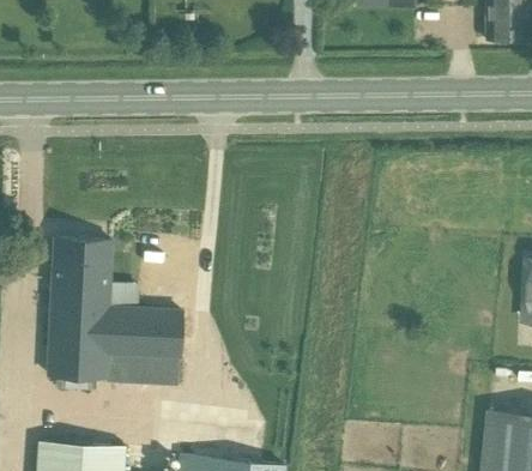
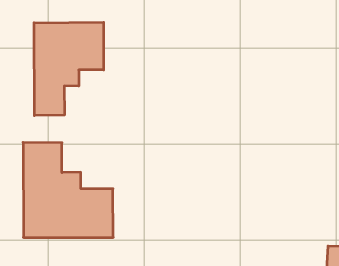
building: none -> [34,22,104,116]

